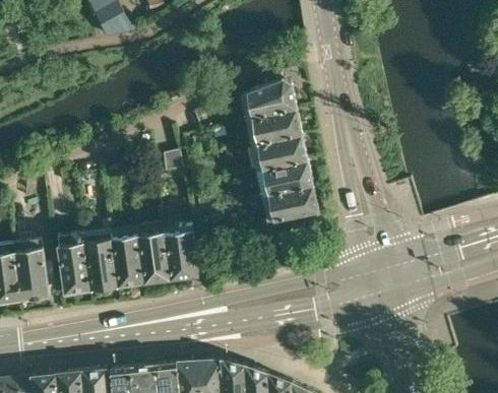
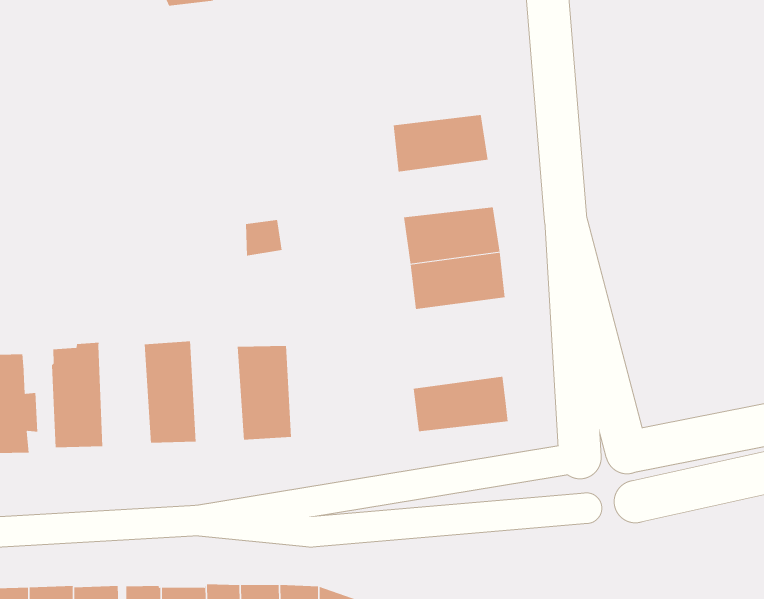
building: [245,109,301,145] -> none
building: [261,186,317,221] -> [413,376,508,432]
building: [135,222,170,283] -> none
building: [83,230,117,289] -> none

